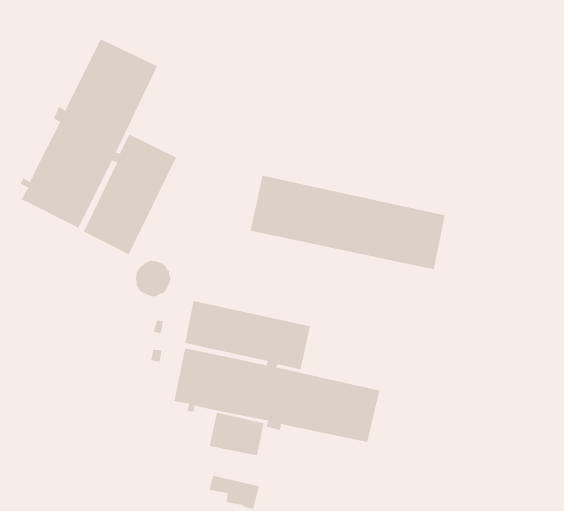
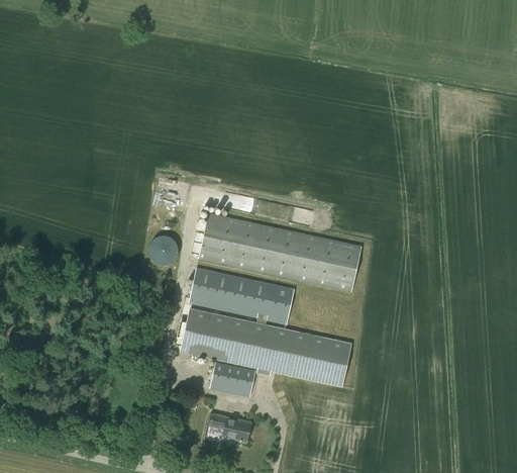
building: [20,38,177,255] -> none
building: [250,175,445,270] -> [199,212,361,291]

